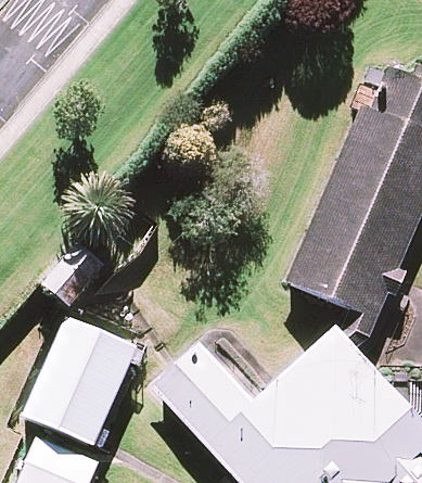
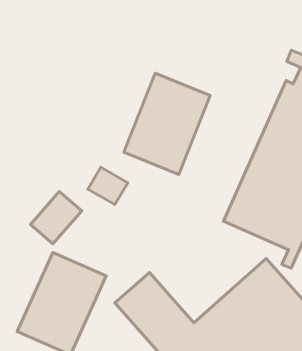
building: none -> [124,73,210,174]

